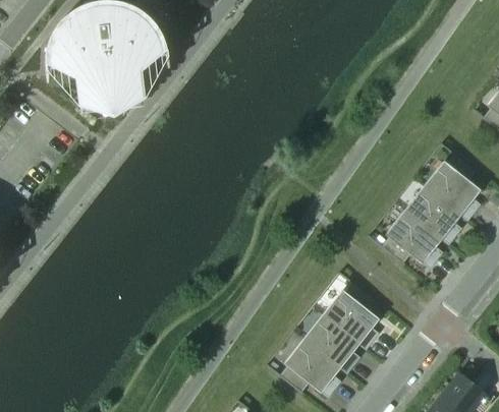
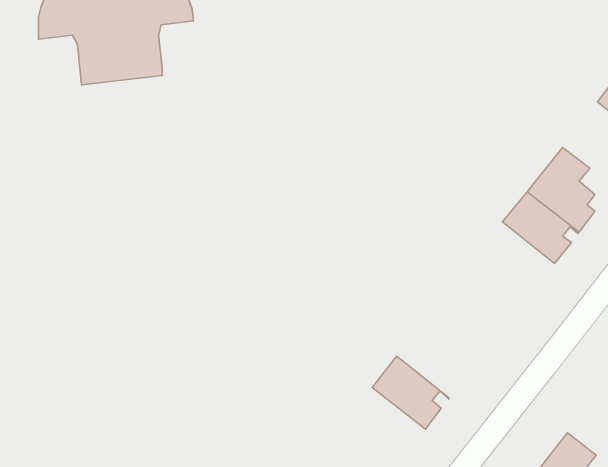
building: [379,211,447,268] -> none
building: [324,281,378,348] -> none
building: [277,340,346,397] -> none

